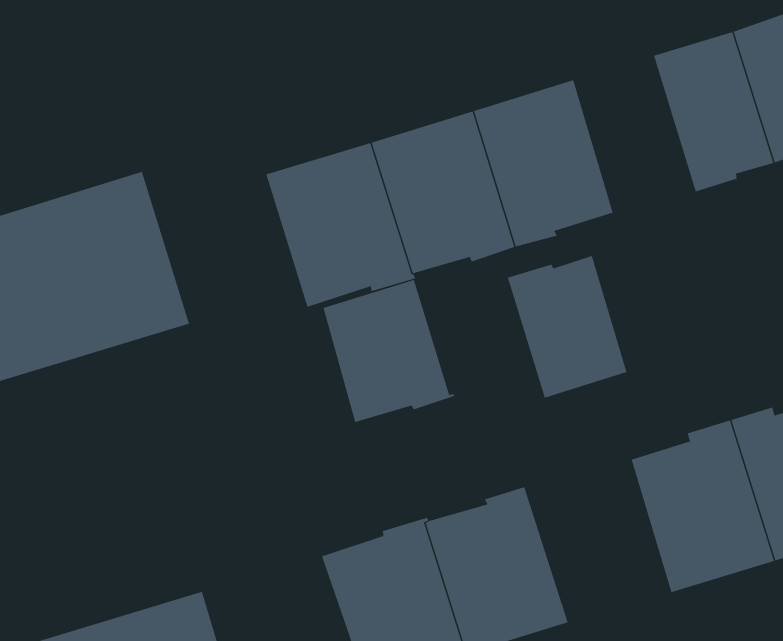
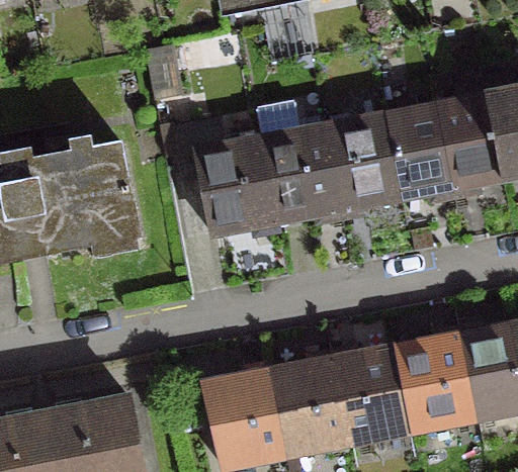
building: none -> [385,106,451,198]
building: [507,255,627,399] -> none
building: [323,279,454,423] -> none
building: none -> [329,348,410,442]

